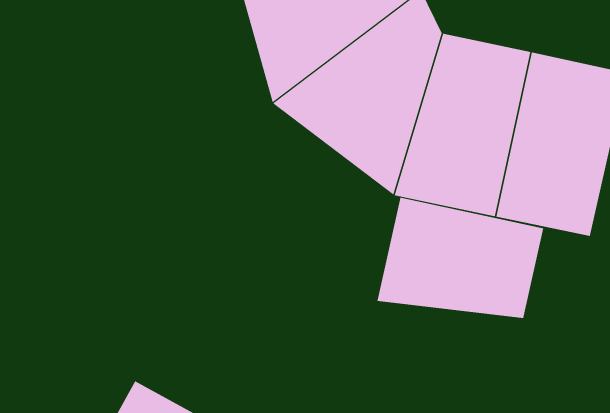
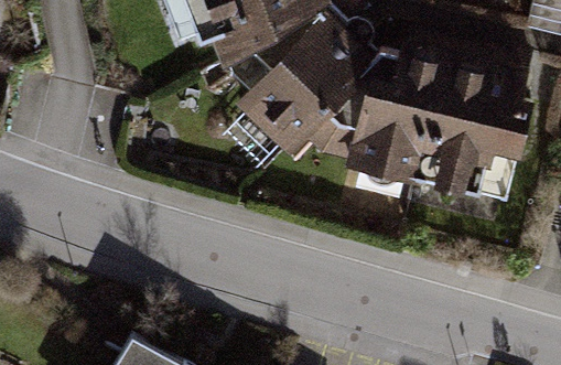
building: [377,197,544,319] -> none

